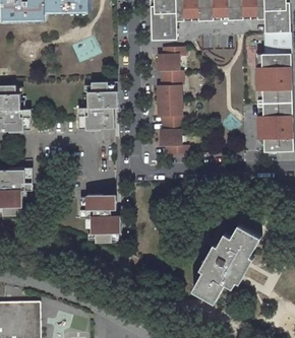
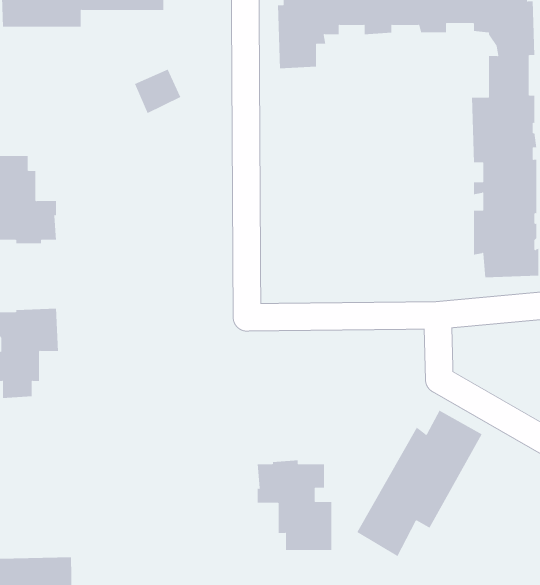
building: [156,46,186,153] -> none
building: [76,79,117,128] -> none
building: [77,191,118,240] -> [257,460,332,550]

